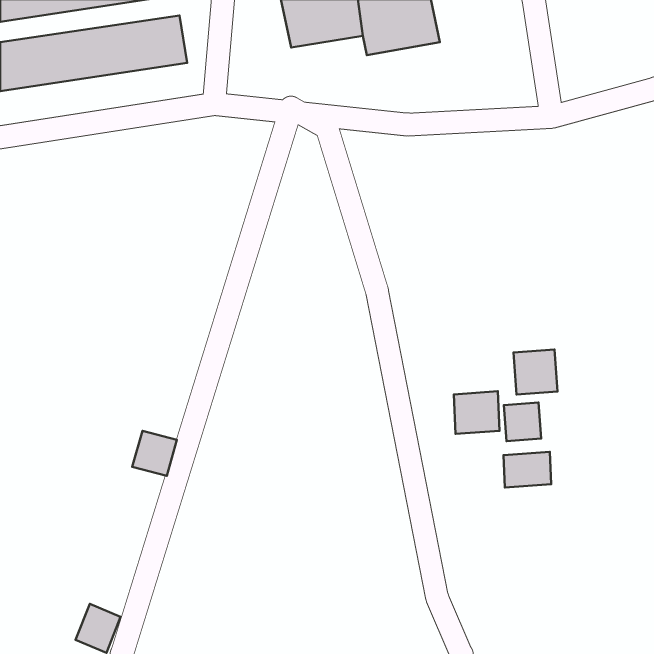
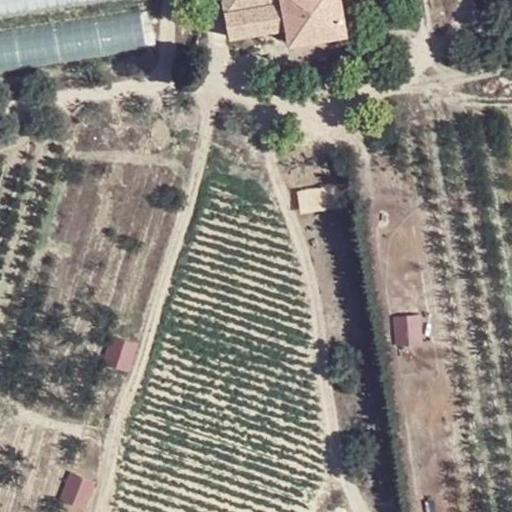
building: [514,350,558,394] -> none
building: [454,391,500,434] -> none
building: [504,452,551,487] -> none

